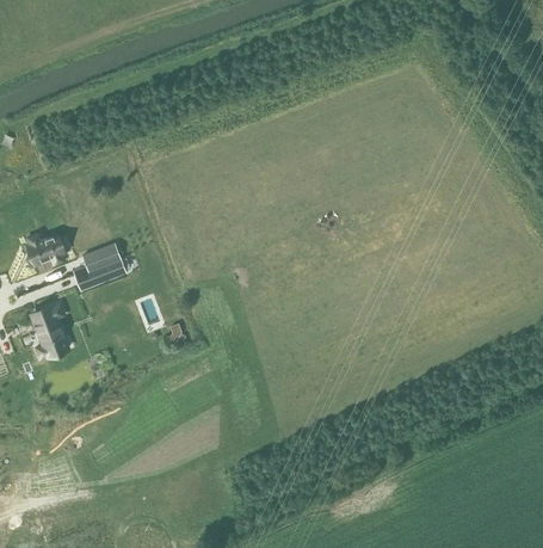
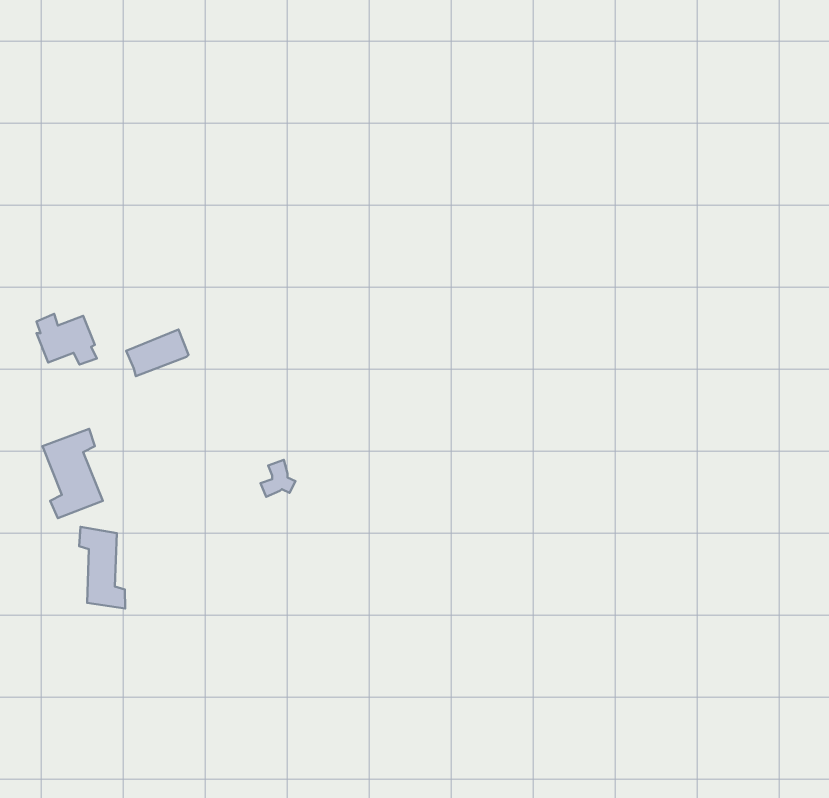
building: [73,260,124,290] -> none
building: none -> [79,527,125,609]

